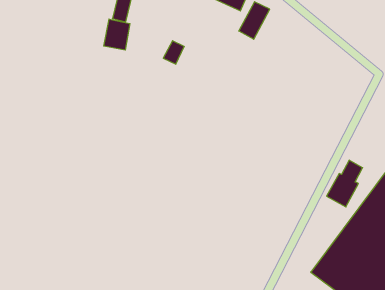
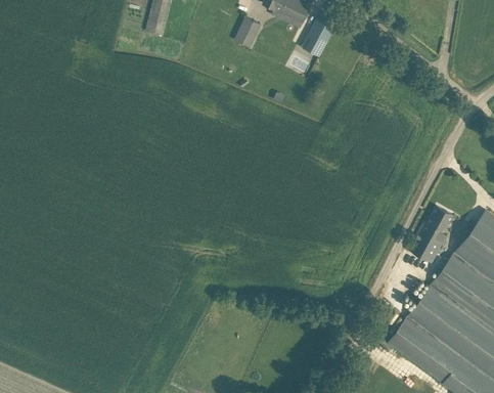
building: [104,19,130,50] -> none
building: [163,41,184,64] -> [234,18,260,47]

